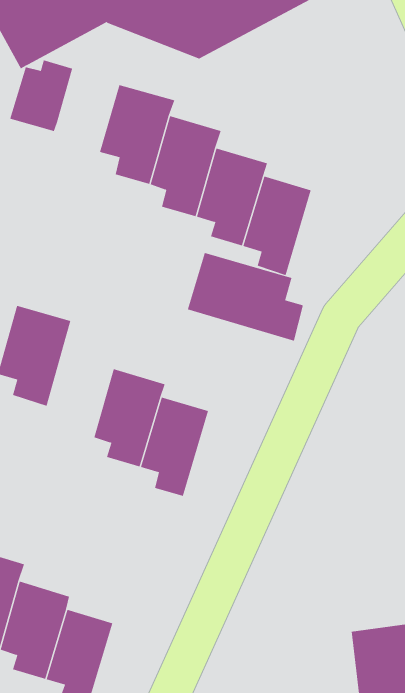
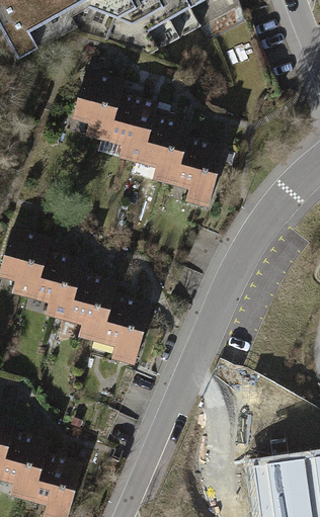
building: [10,59,73,132] -> none
building: [187,252,303,341] -> none
building: none -> [34,251,86,324]

